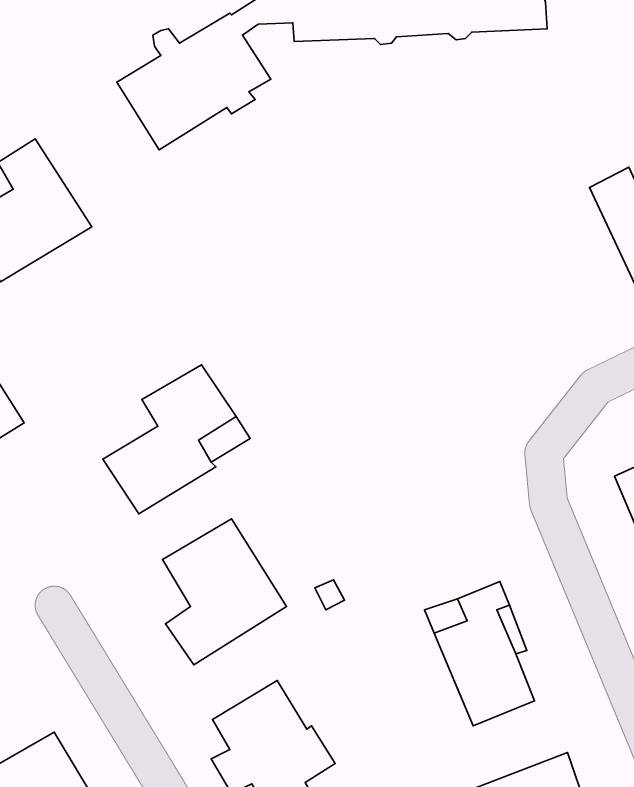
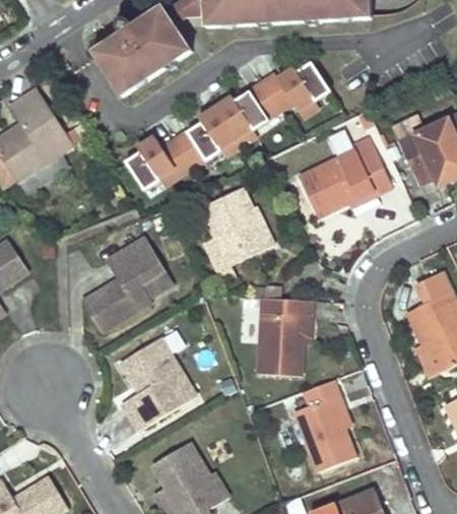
building: none -> [121,64,329,192]
building: none -> [293,145,389,219]
building: none -> [201,186,275,272]
building: none -> [254,301,311,377]

